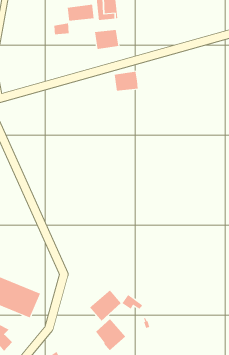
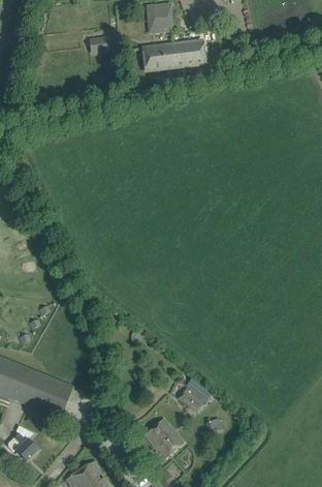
building: [67,4,94,22] -> none
building: [114,71,139,91] -> [171,40,203,66]
building: [89,289,121,321] -> none

